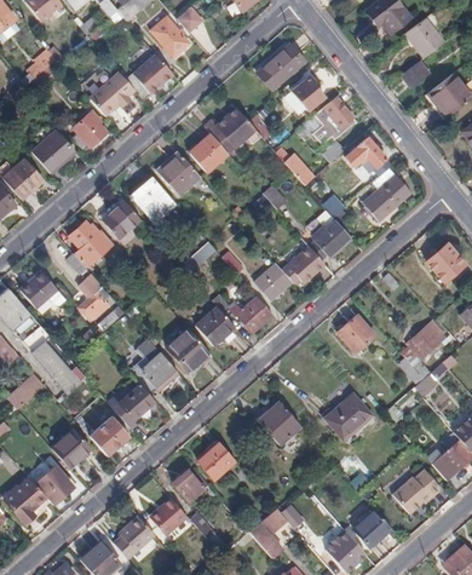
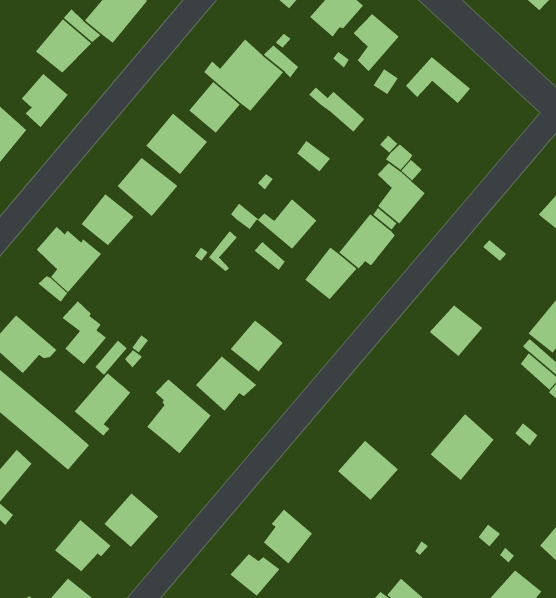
building: [363,168,410,222] -> none
building: [211,293,271,332] -> [230,198,317,250]
building: [113,384,155,429] -> [74,372,131,436]

